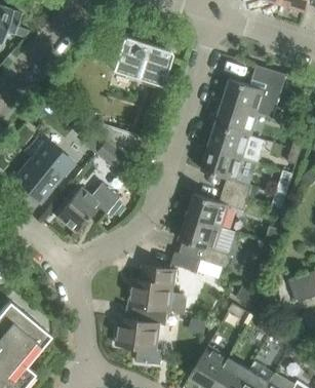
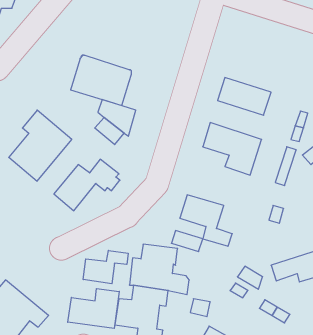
building: [112,38,171,87] -> [71,55,131,106]
building: [223,66,286,118] -> none
building: [208,125,266,163] -> none
building: [186,190,247,228] -> none
building: none -> [83,250,128,284]
building: none -> [68,289,119,328]

